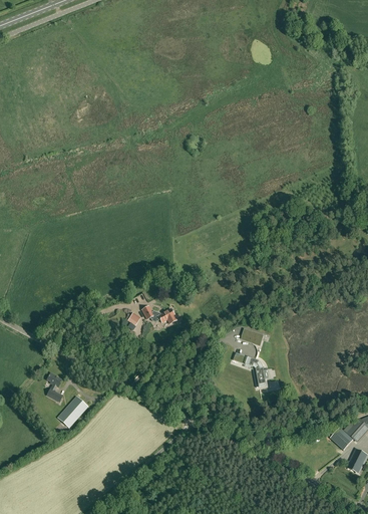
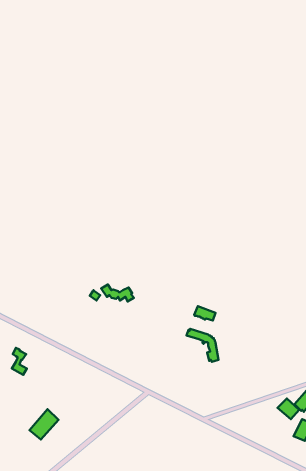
building: [57,395,88,427] -> [30,409,59,439]

